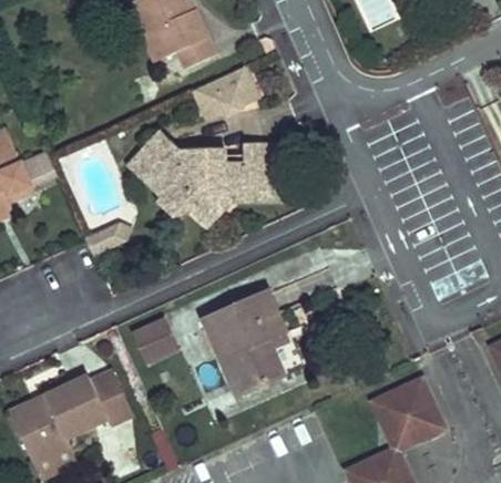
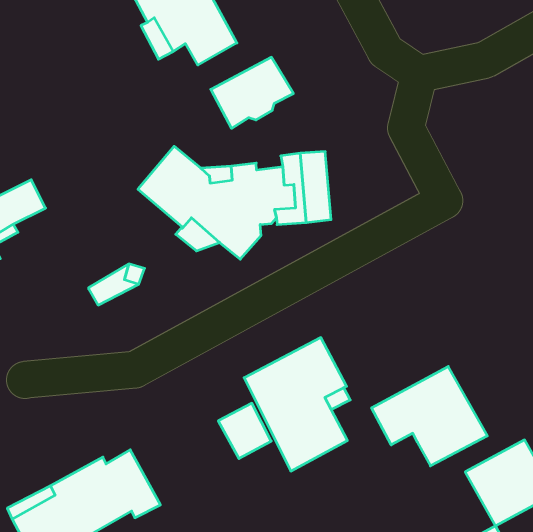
building: [133,318,174,361] -> [218,403,271,459]
building: none -> [372,366,487,466]

